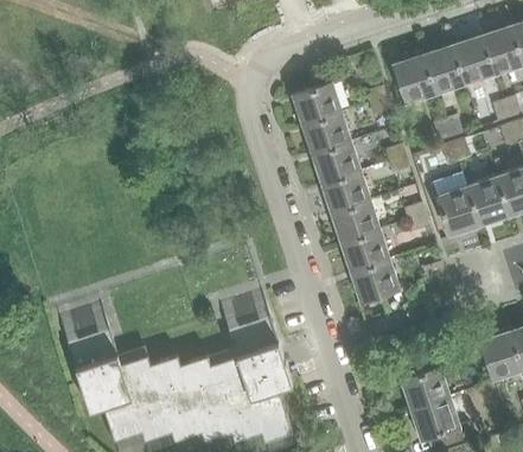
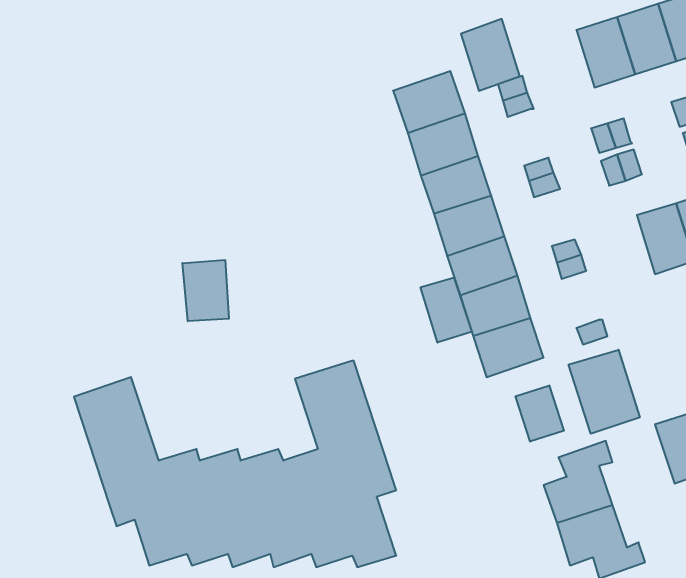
building: [394,51,436,103] -> [461,19,520,91]
building: [438,185,480,237] -> none
building: none -> [182,260,229,321]
building: none -> [421,277,472,343]
building: none -> [569,350,640,434]
building: none -> [516,385,564,442]

